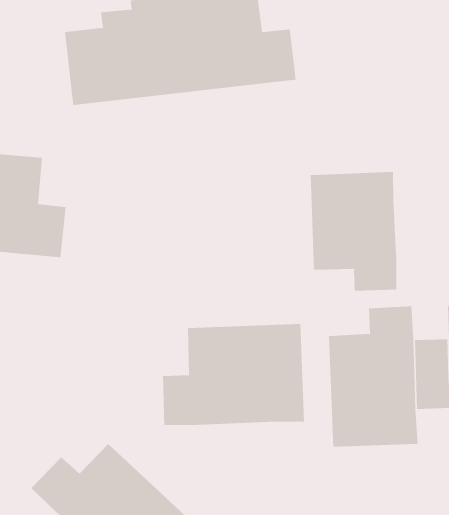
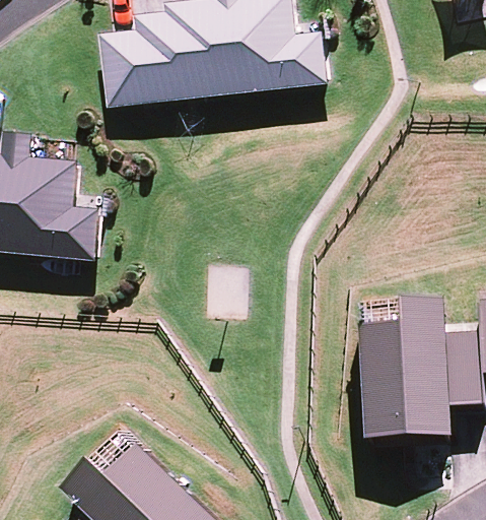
building: [310,171,397,291] -> none
building: [163,323,305,426] -> none

